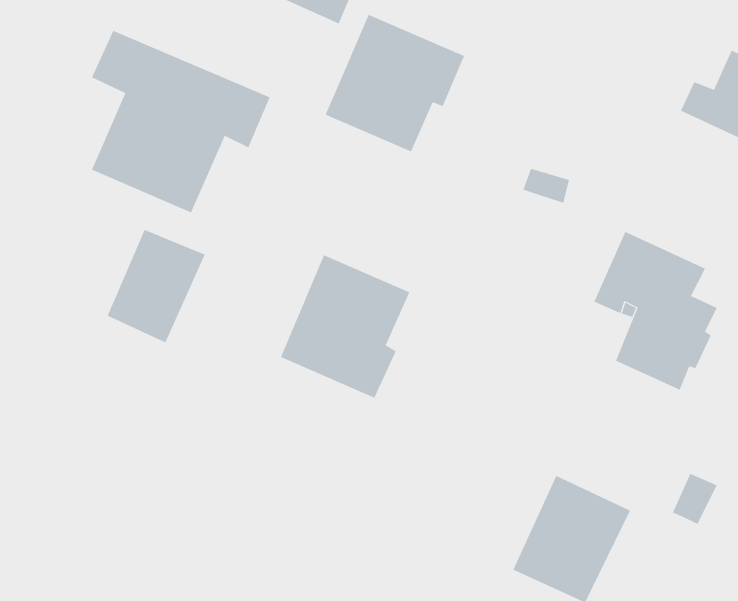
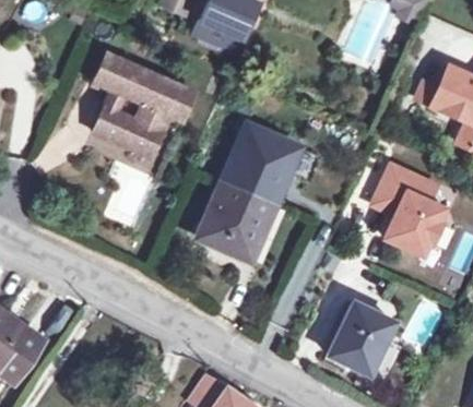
building: [325,14,465,152] -> [223,123,300,200]

